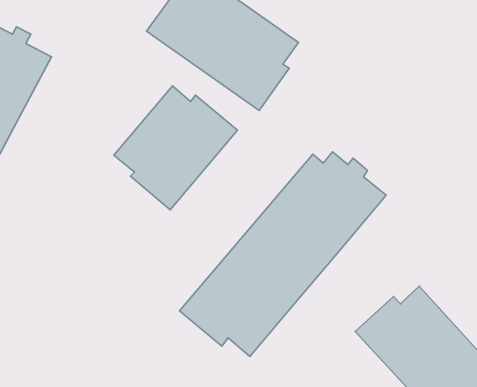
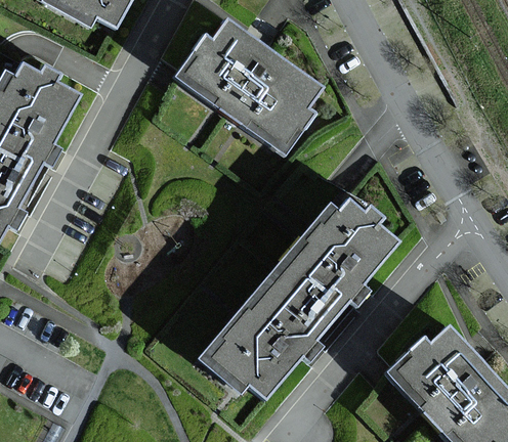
building: [114,86,237,210] -> none

